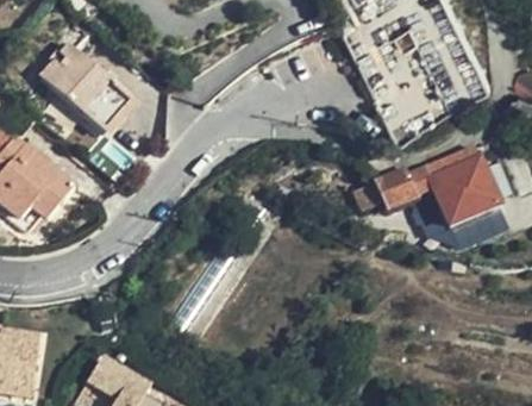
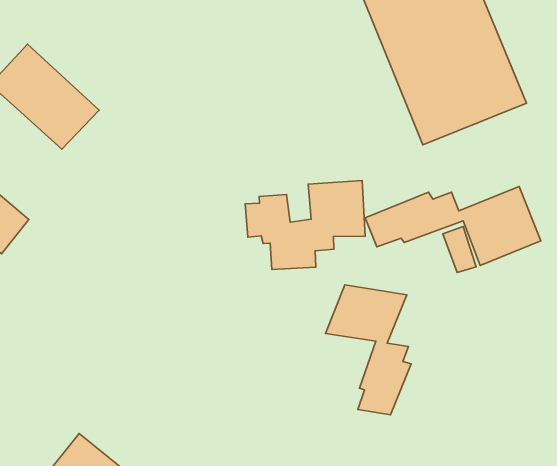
building: none -> [245,181,365,270]
building: none -> [326,285,411,415]

